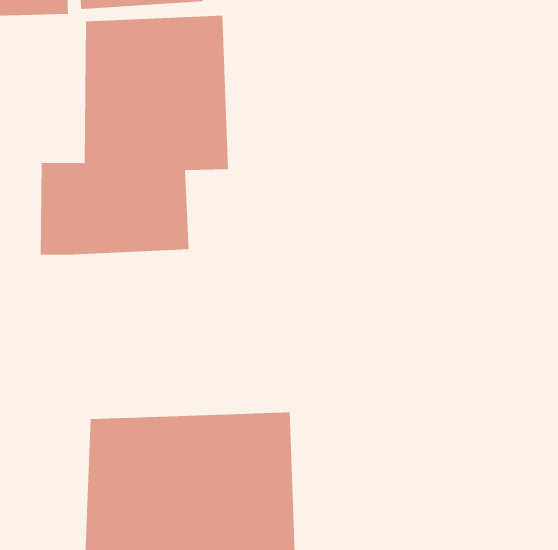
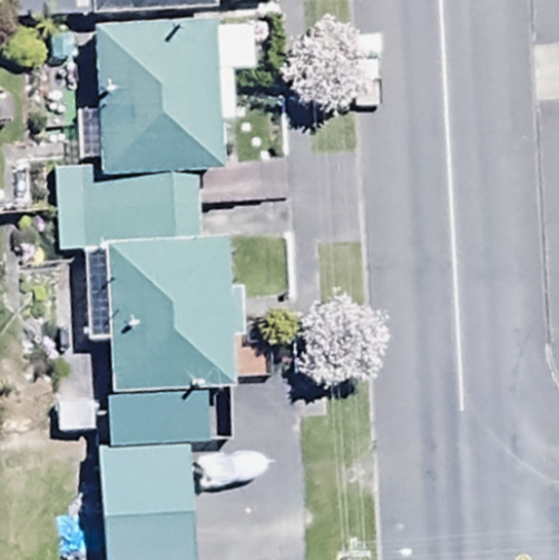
building: none -> [80,240,235,404]

